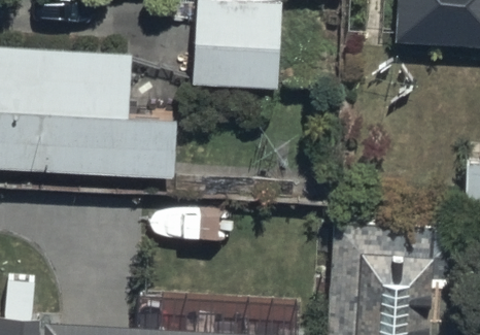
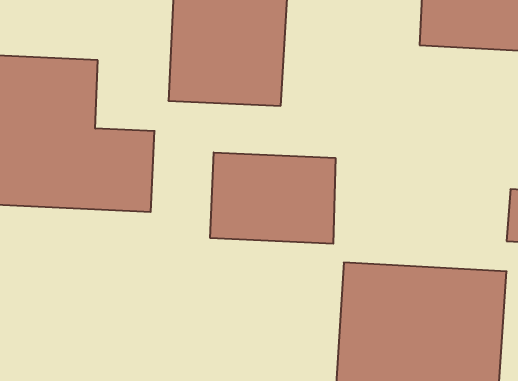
building: none -> [210,152,335,244]

